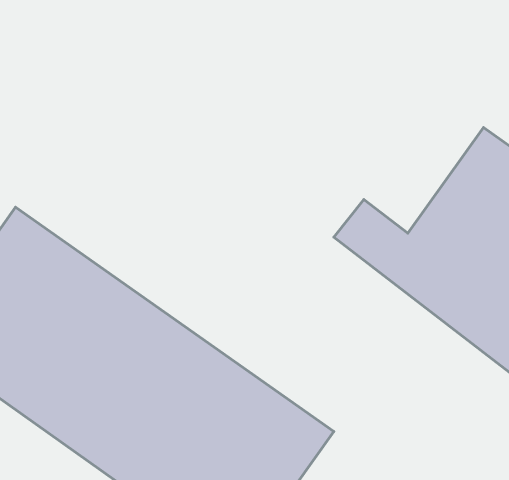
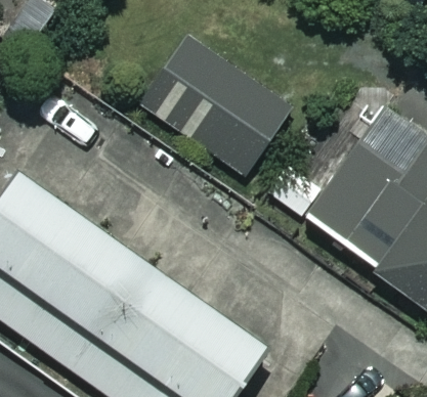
building: none -> [143,33,293,175]

